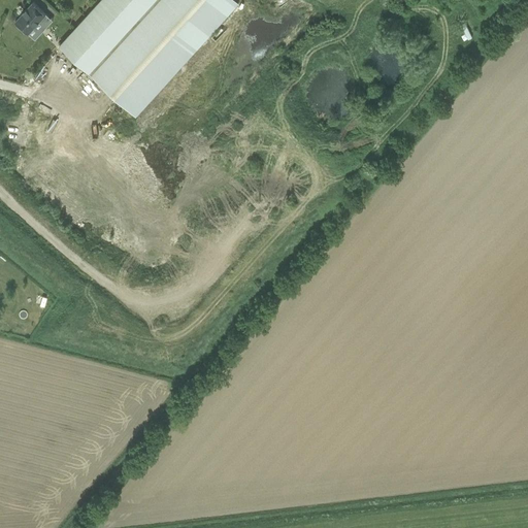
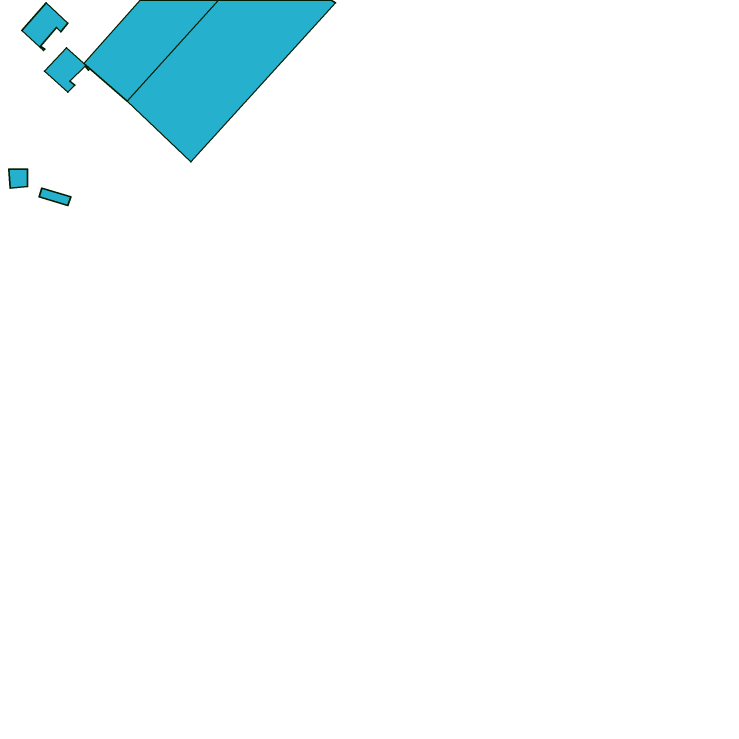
building: none -> [45,48,90,92]

